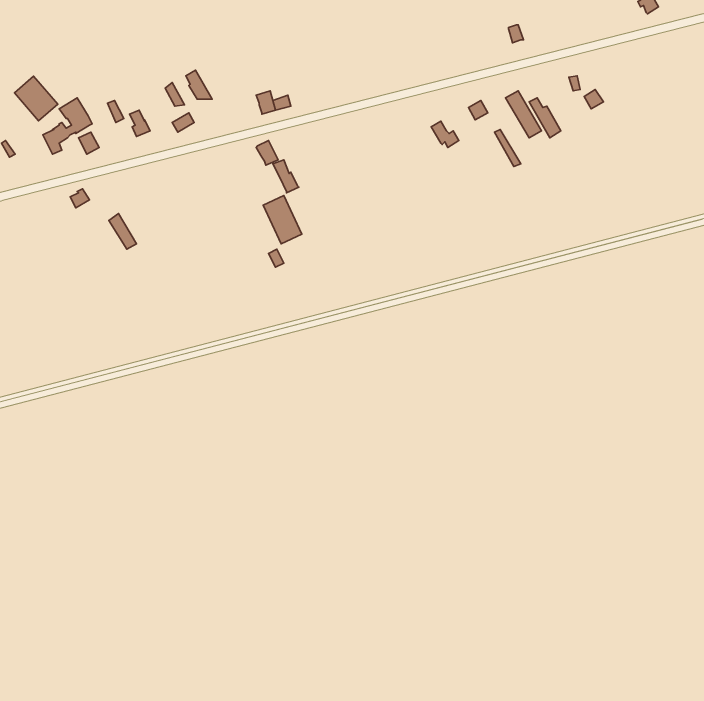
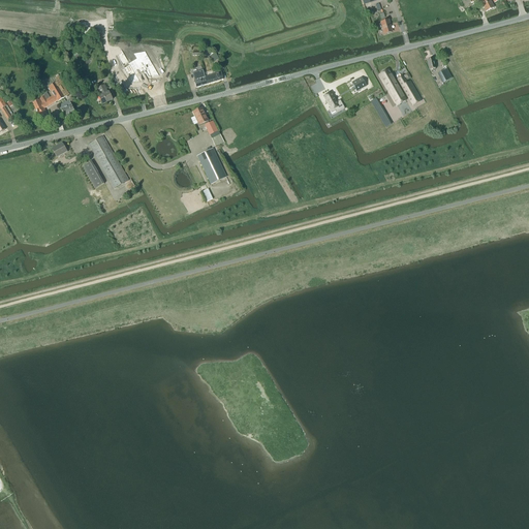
building: [14,76,58,121] -> none
building: none -> [89,134,128,187]

